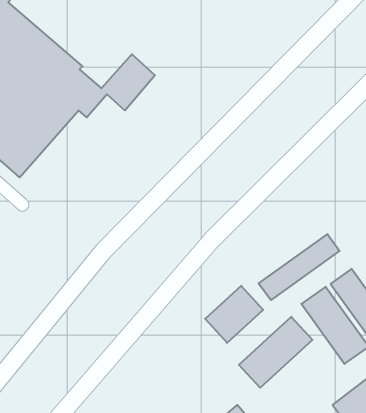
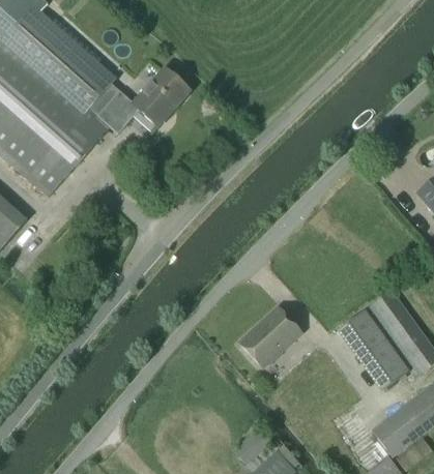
building: [259,234,340,300] -> none
building: [239,317,312,388] -> none

